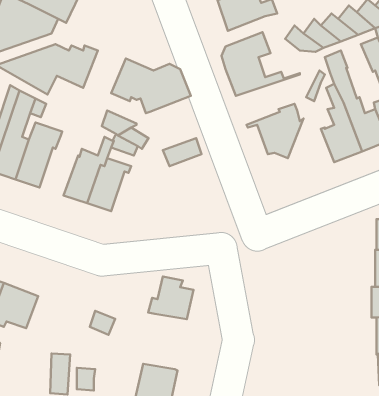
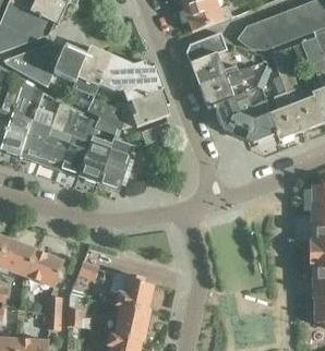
building: none -> [71,45,108,93]
building: none -> [198,66,254,108]
building: none -> [128,84,167,123]
building: none -> [241,97,279,143]
building: none -> [37,101,71,166]
building: none -> [96,136,131,185]
building: [148,277,193,319] -> [117,274,154,308]
building: none -> [26,249,64,286]

